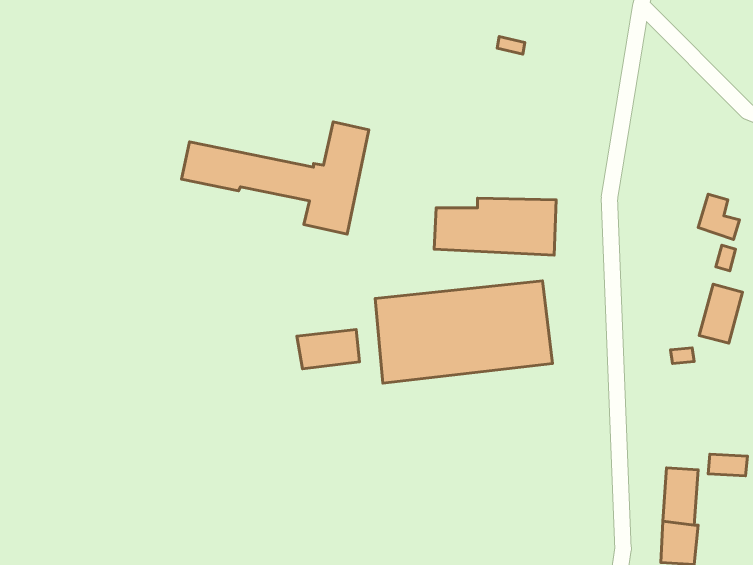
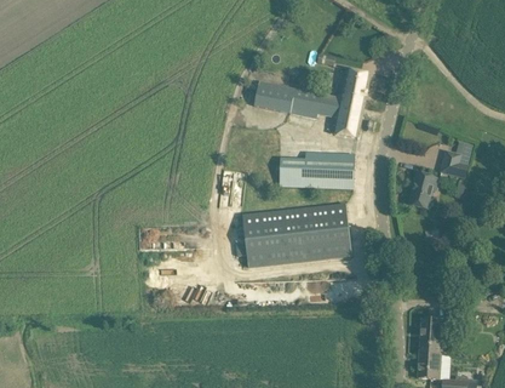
building: [182,122,369,234] -> [256,69,371,138]
building: [699,284,743,343] -> [409,172,436,209]
building: [297,329,360,369] -> none

